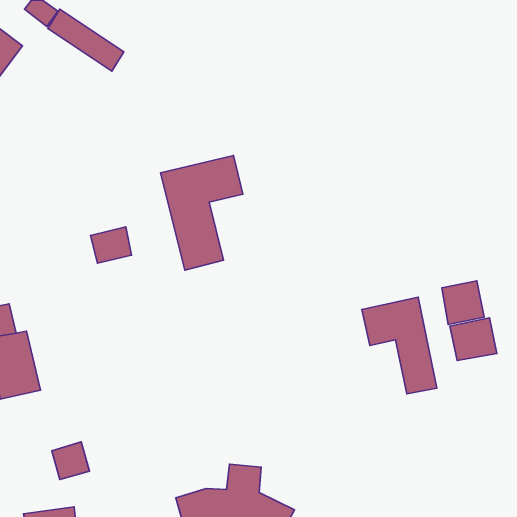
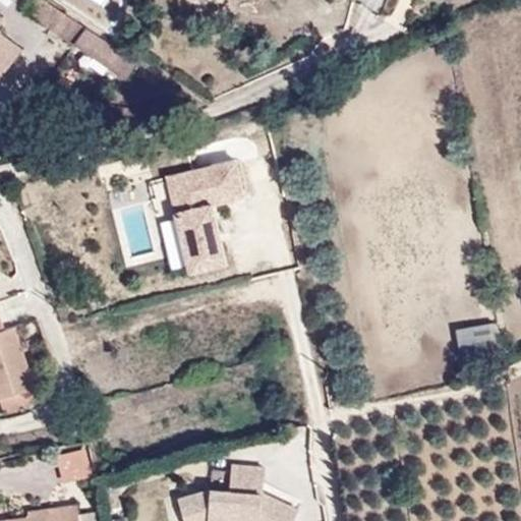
building: [91,227,132,263] -> none
building: [442,281,484,324] -> none
building: [362,297,437,394] -> none

